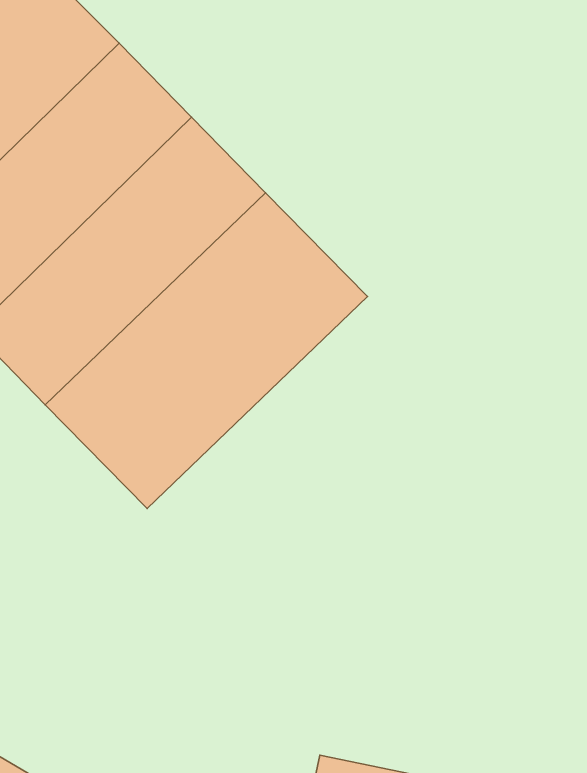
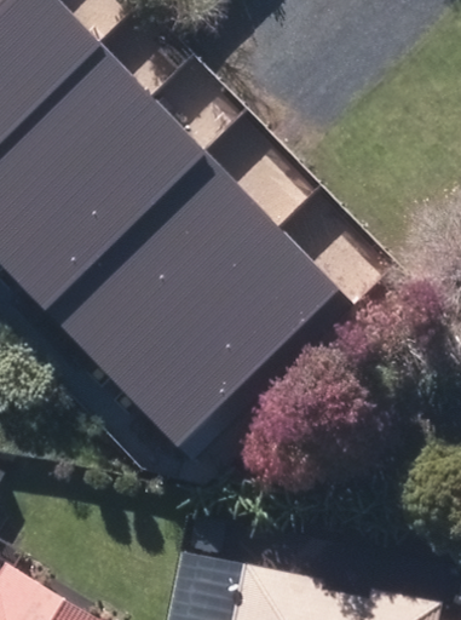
building: none -> [119,229,339,446]

